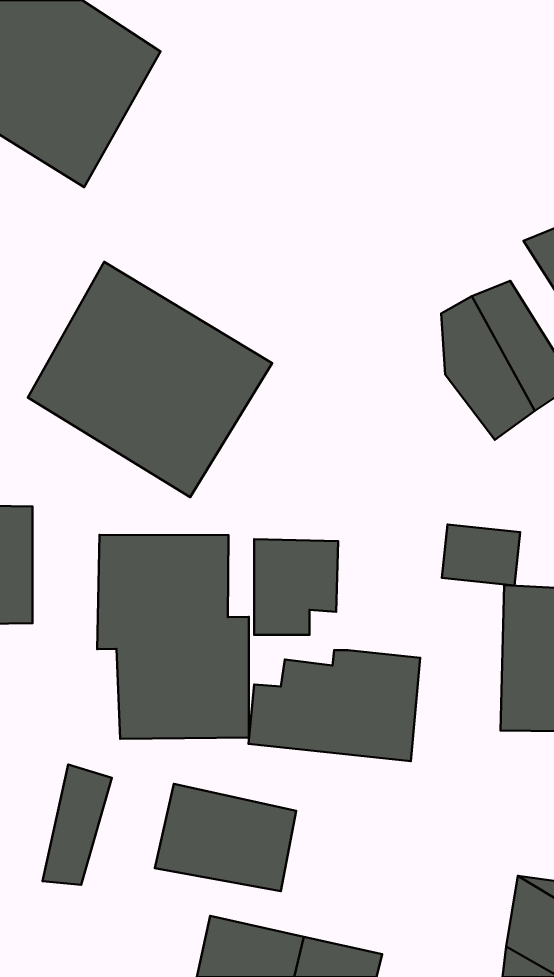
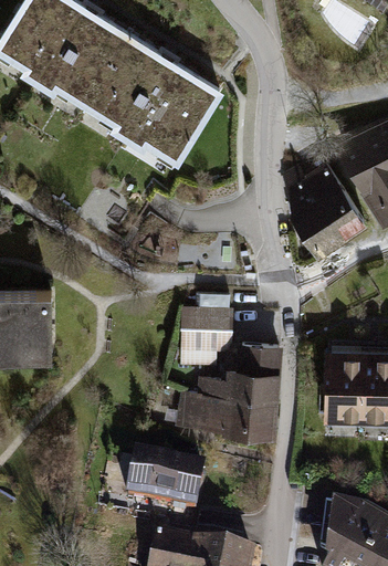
building: [28,262,272,497] -> [83,30,224,166]
building: [442,524,520,586] -> [235,345,281,380]
building: [97,535,249,739] -> none
building: [43,764,112,885] -> none

